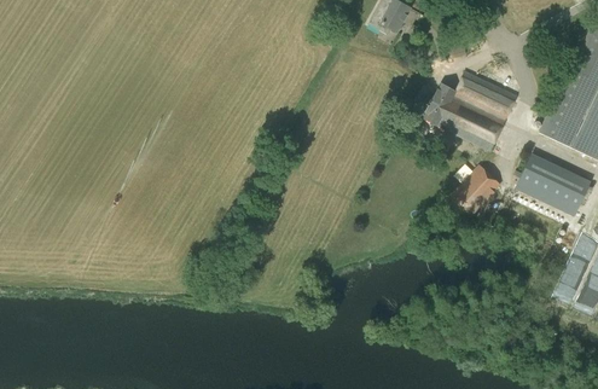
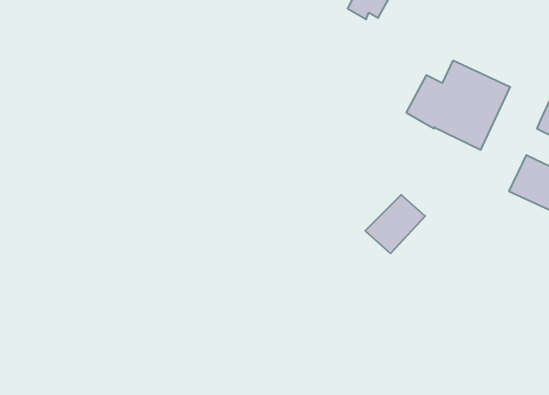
building: [448,166,503,219] -> [365,195,425,253]

